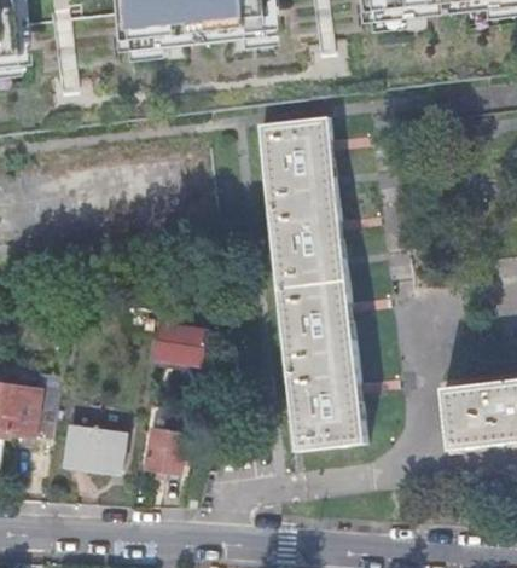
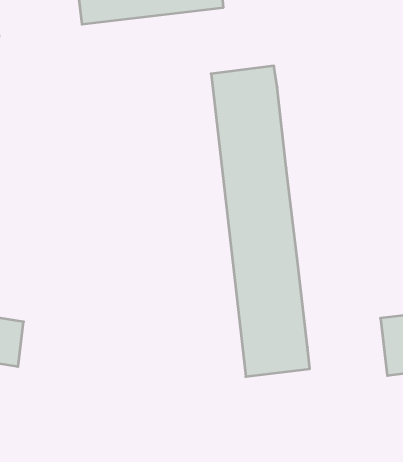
building: [150,318,205,364] -> none
building: [141,418,186,474] -> none
building: [64,423,114,465] -> none

